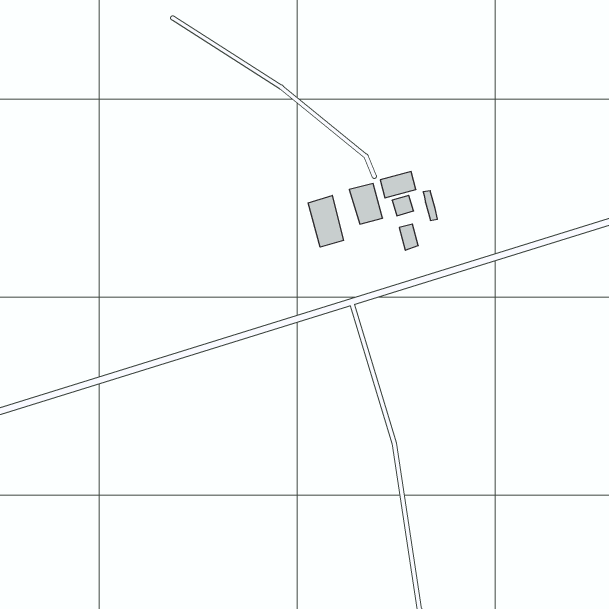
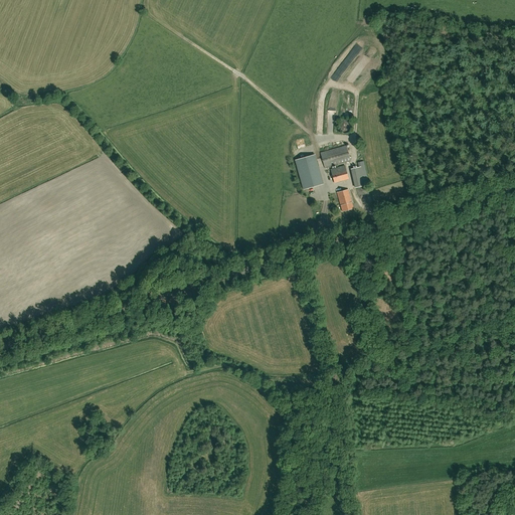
building: [308,195,343,247] -> none

